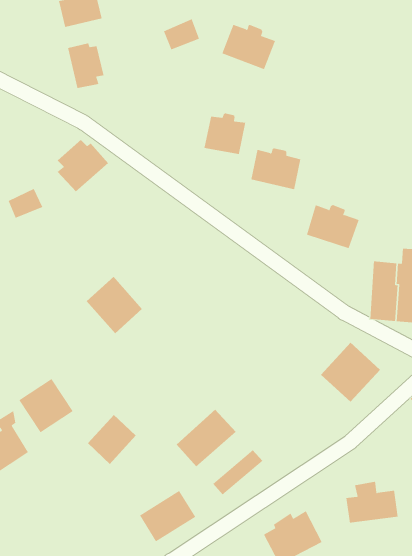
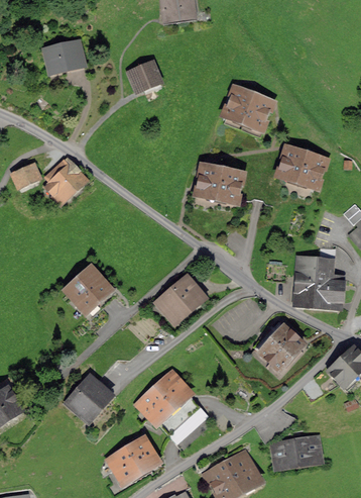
building: [221,24,276,70] -> [227,92,270,128]
building: [67,42,104,89] -> none
building: [204,113,246,155] -> none
building: [8,188,43,219] -> [12,164,40,188]
building: [306,204,359,249] -> [281,151,324,186]
building: none -> [159,279,203,321]
building: [18,378,74,433] -> none

